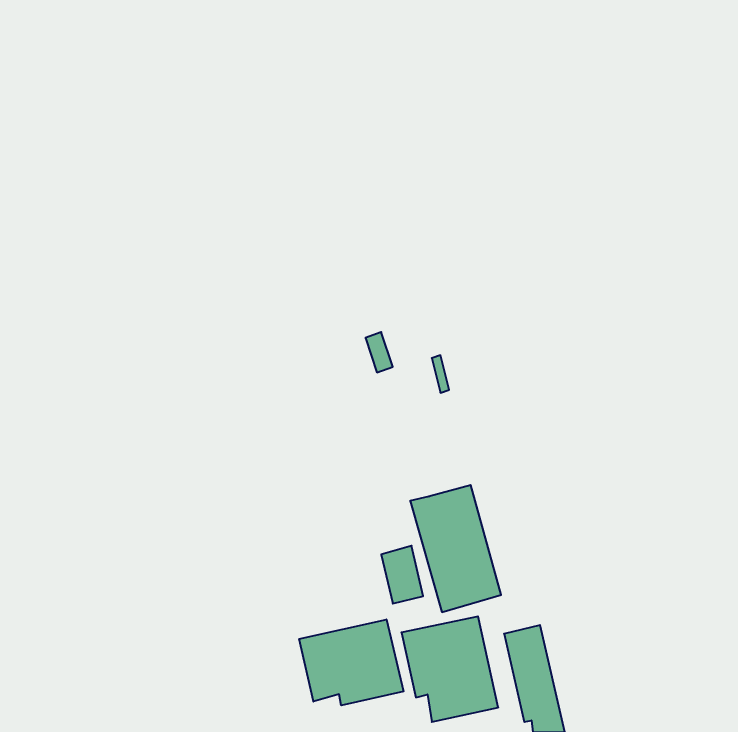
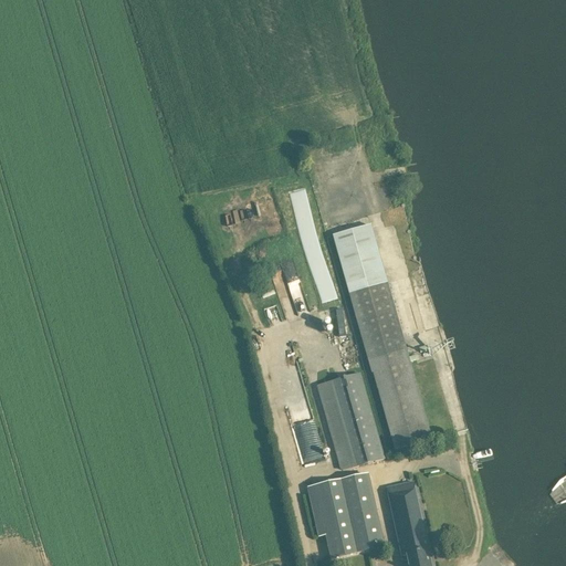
building: none -> [335,223,428,446]
building: [299,619,404,705] -> none

